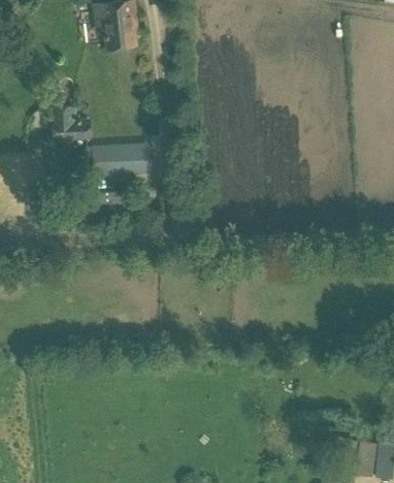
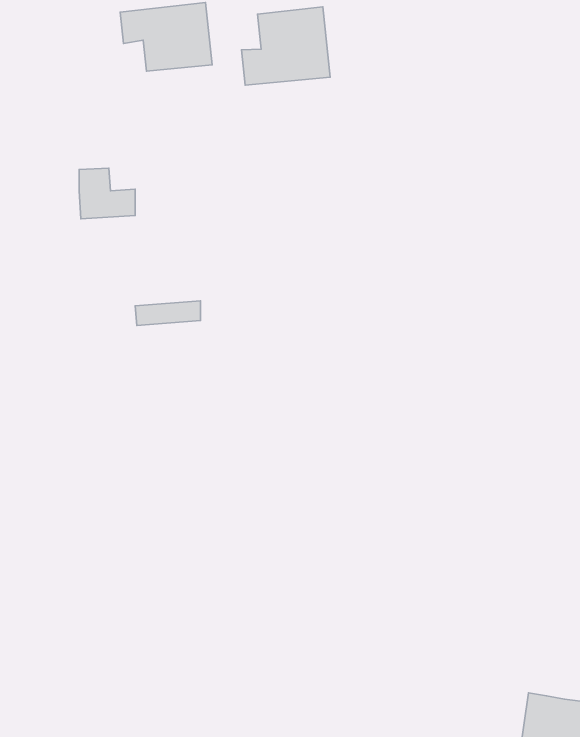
building: none -> [241,7,330,85]
building: [92,153,152,175] -> none

